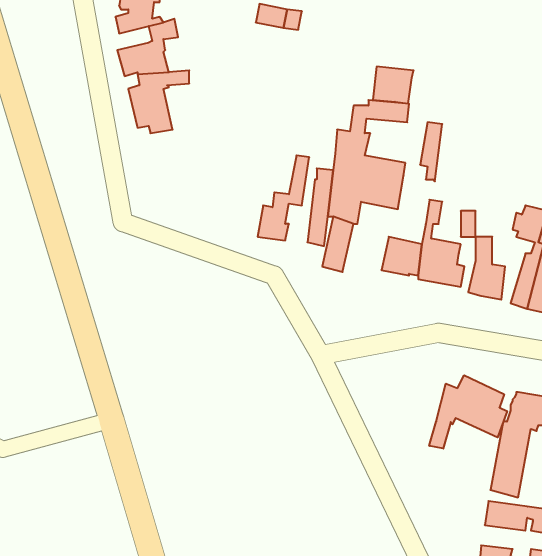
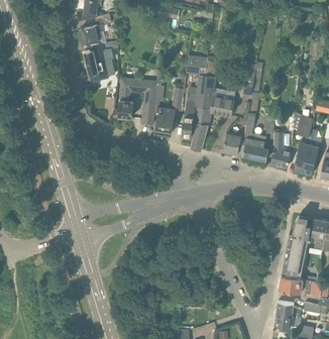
building: [373,67,414,104] -> [186,54,208,75]
building: none -> [113,77,157,124]
building: [429,375,507,449] -> none

